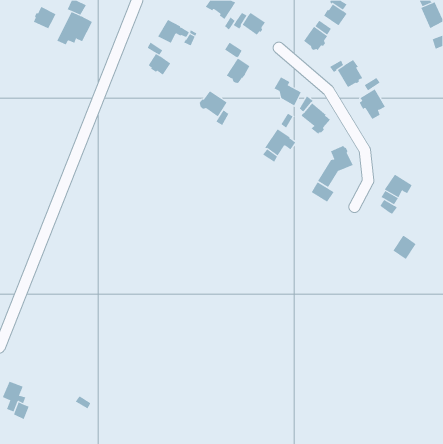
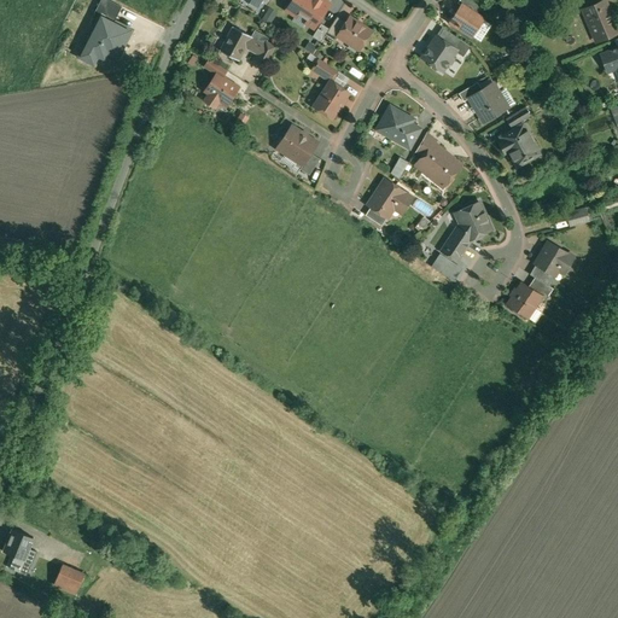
building: [33,6,56,30] -> none
building: [392,235,417,260] -> [507,282,541,317]
building: none -> [53,566,86,595]

